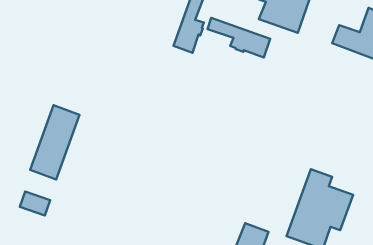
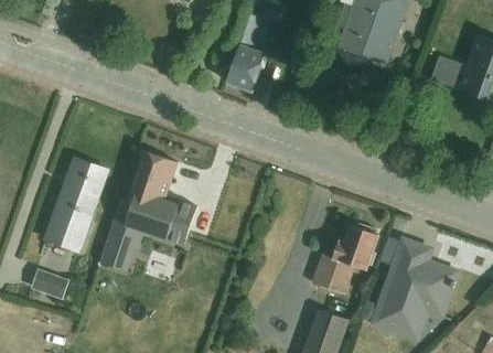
building: [207,18,270,57] -> none
building: none -> [100,151,196,270]
building: none -> [311,225,377,295]

